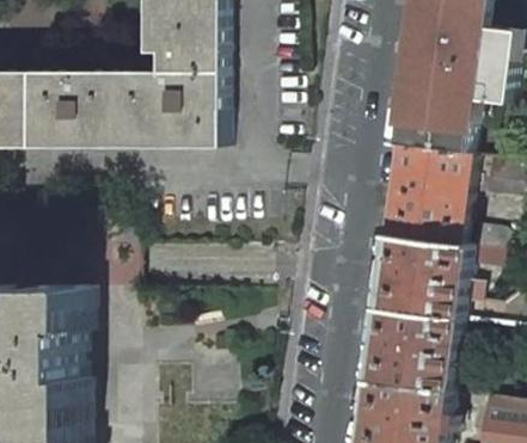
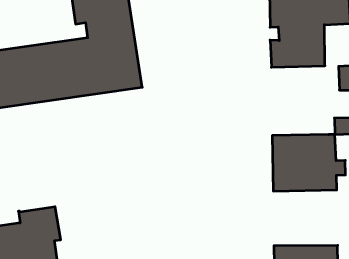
building: [382,144,468,244] -> none
building: [363,307,456,390] -> none

